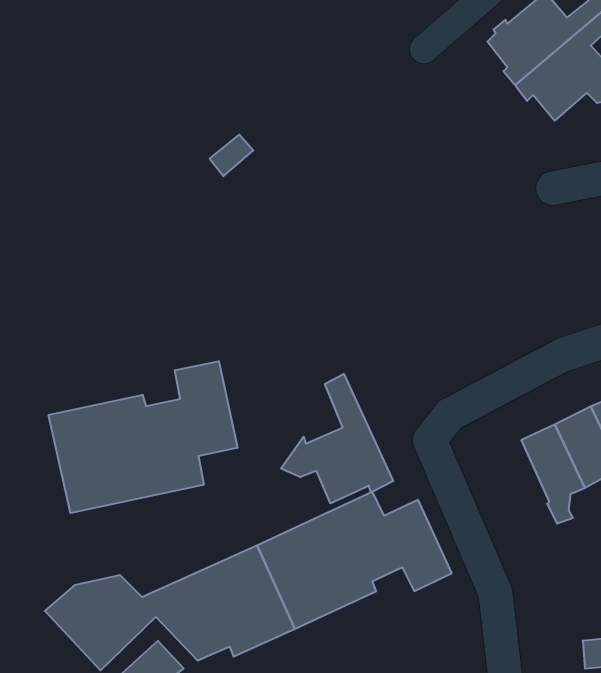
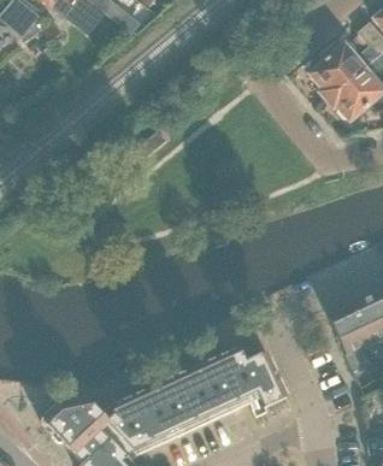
building: [49,361,238,513] -> none
building: [281,374,393,503] -> none

